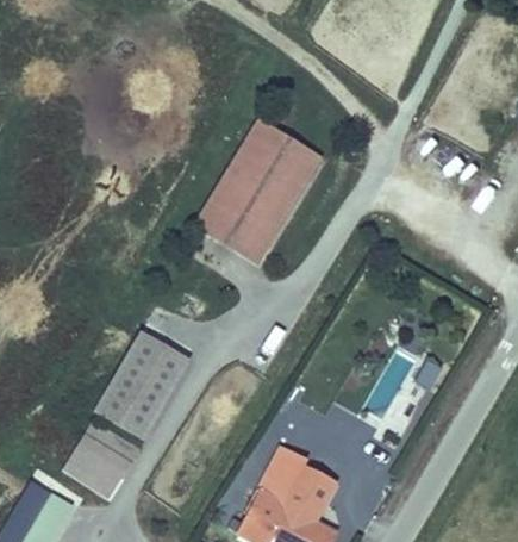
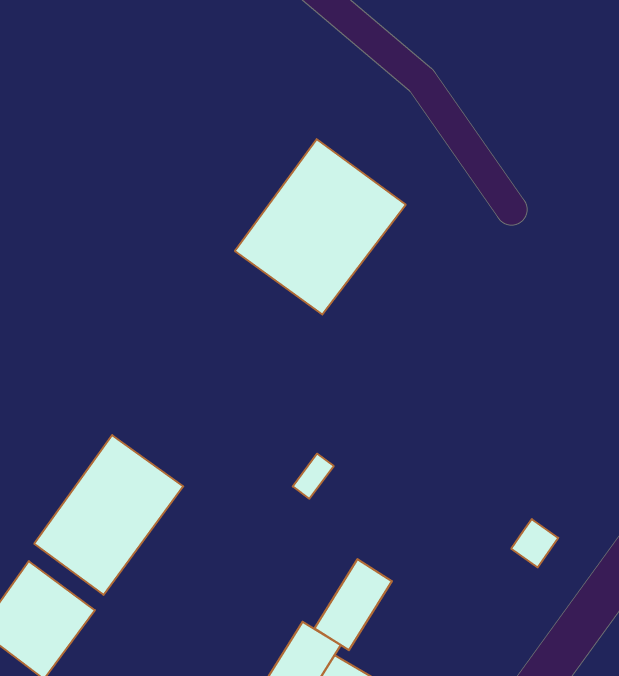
building: [194,199,273,261] -> none
building: none -> [314,559,392,650]

